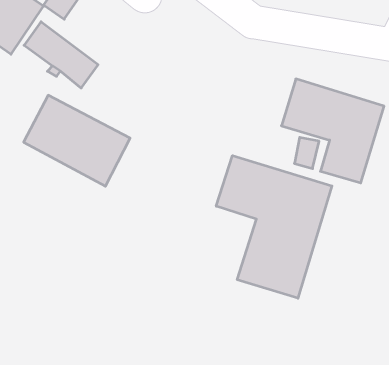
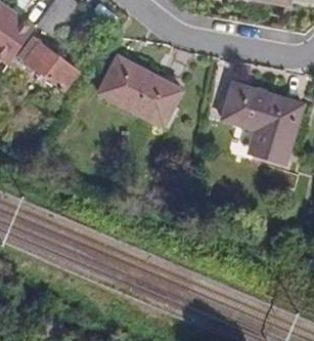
building: [24,95,130,186] -> [98,55,182,127]
building: [216,156,332,298] -> none

